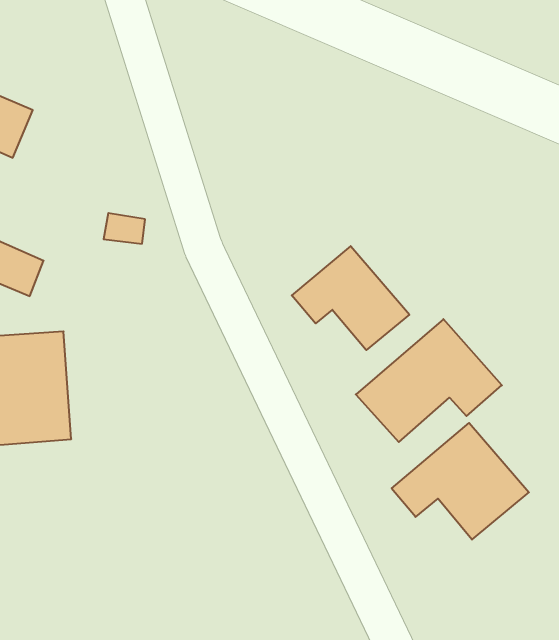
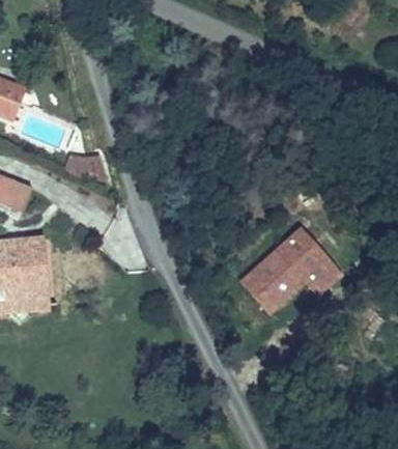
building: [292,246,409,350] -> none
building: [392,423,529,540] -> none

